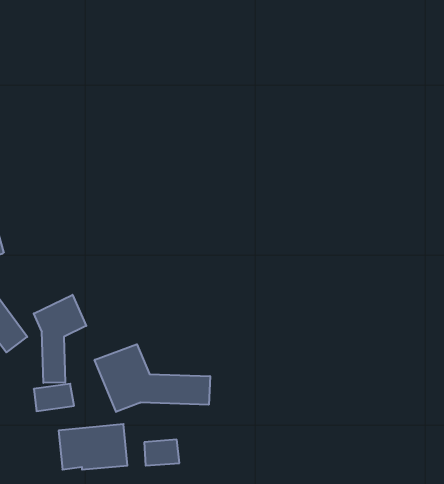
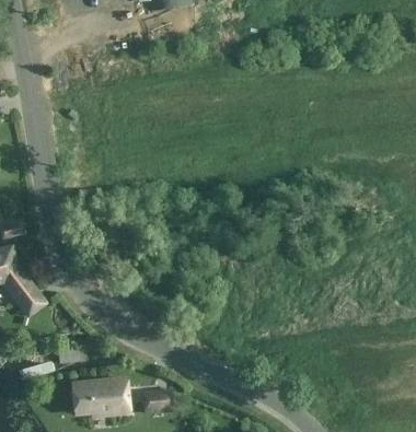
building: [34,295,86,383] -> none
building: [95,344,210,412] -> none

